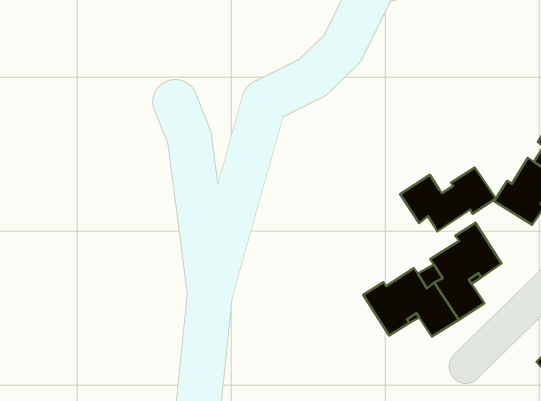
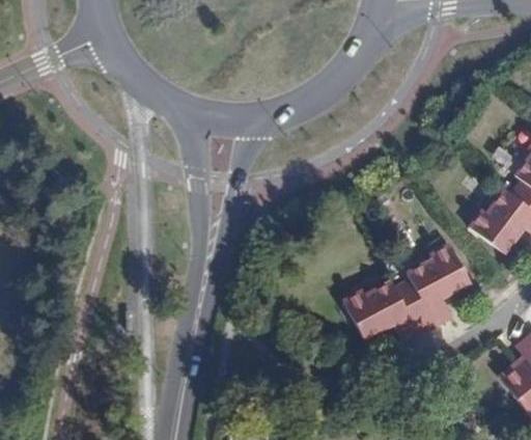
building: [400,168,496,231] -> none

